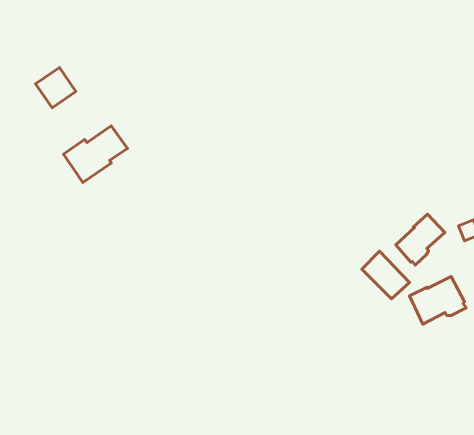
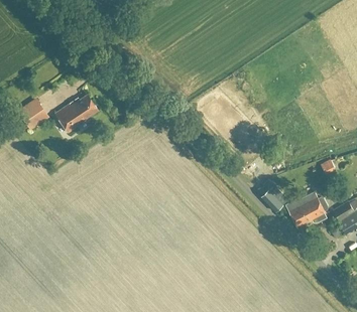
building: [36,67,76,108] -> [19,100,46,127]
building: [396,214,445,265] -> none

